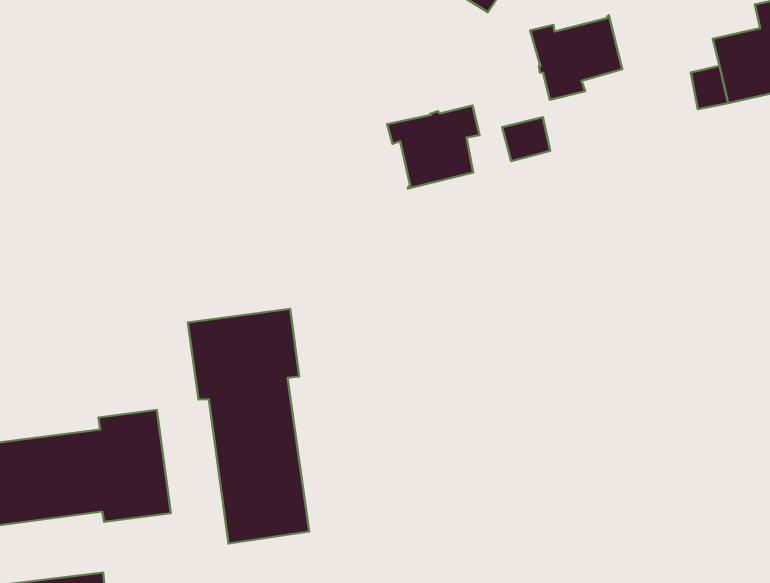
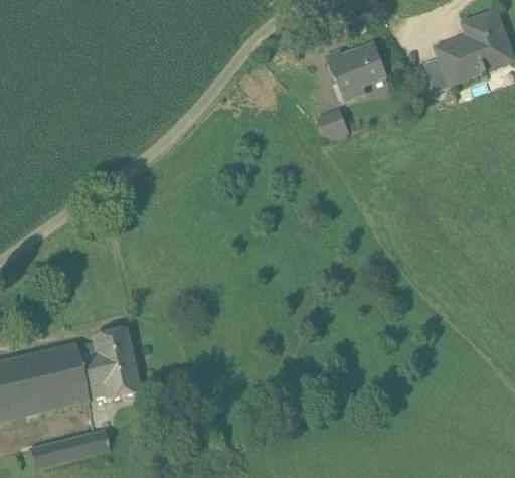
building: [387,105,480,188] -> none
building: [188,309,309,544] -> none

